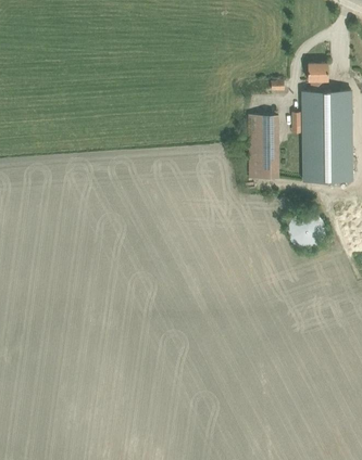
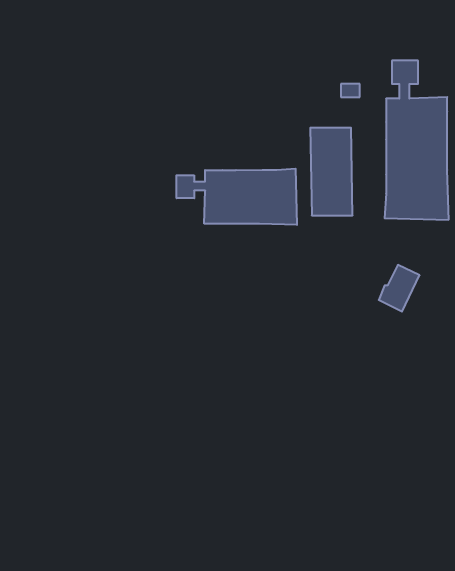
building: none -> [176,169,297,225]

